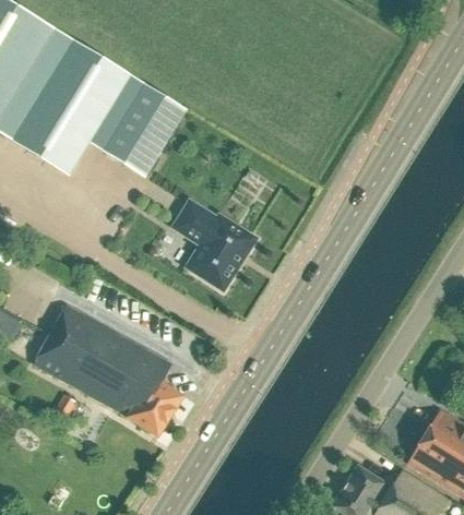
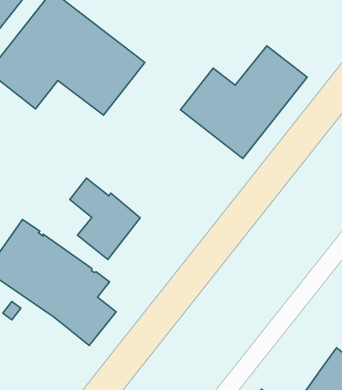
building: none -> [181,46,307,158]
building: [174,200,255,289] -> [70,178,140,260]

